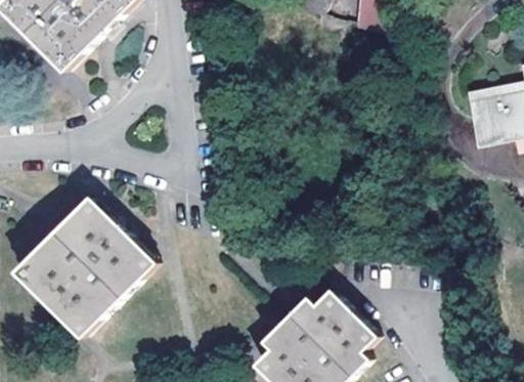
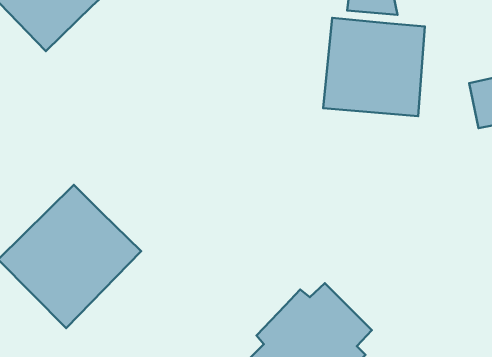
building: none -> [323,18,425,116]

